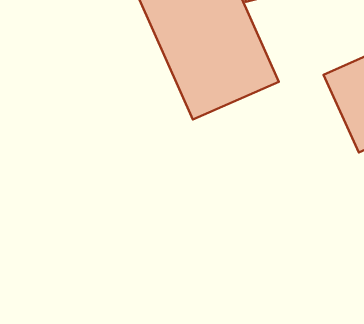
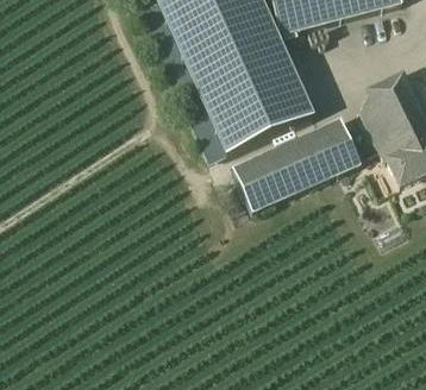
building: none -> [232,117,361,210]

